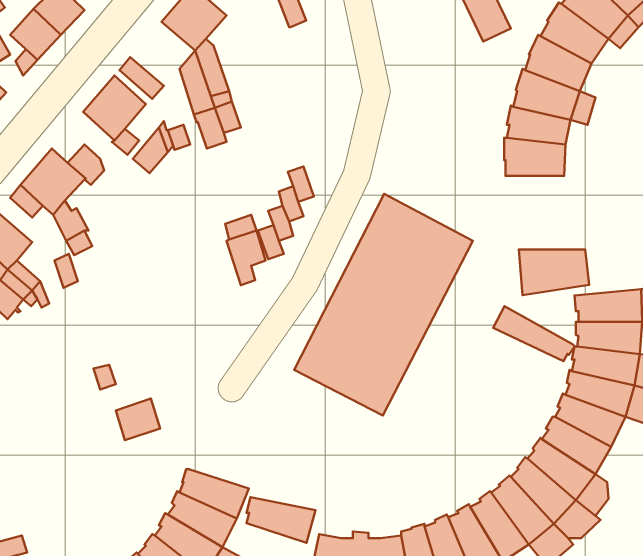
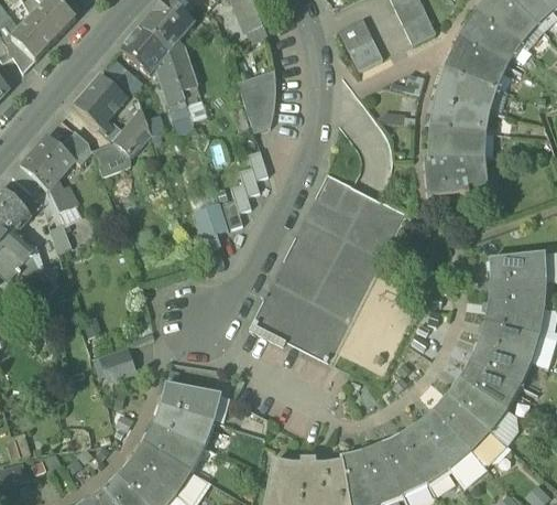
building: none -> [339,19,382,71]
building: none -> [121,28,168,74]
building: none -> [237,71,275,132]
building: none -> [94,143,131,176]
building: [519,250,589,295] -> [424,158,483,196]
building: [493,306,575,361] -> none
building: [246,497,316,543] -> [163,384,221,422]

